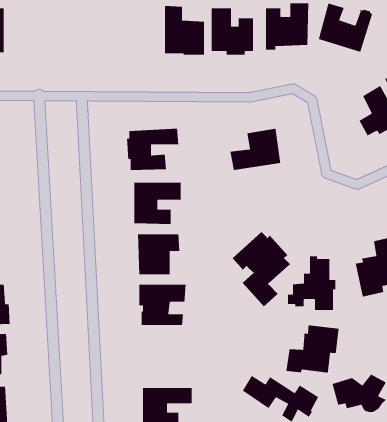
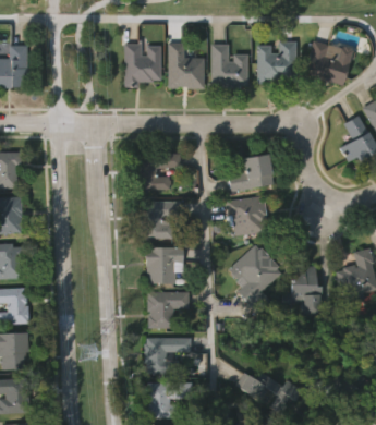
building: none -> [124,44,159,85]
building: none -> [227,195,267,234]
building: [286,325,340,373] -> none
building: none -> [144,336,189,372]

